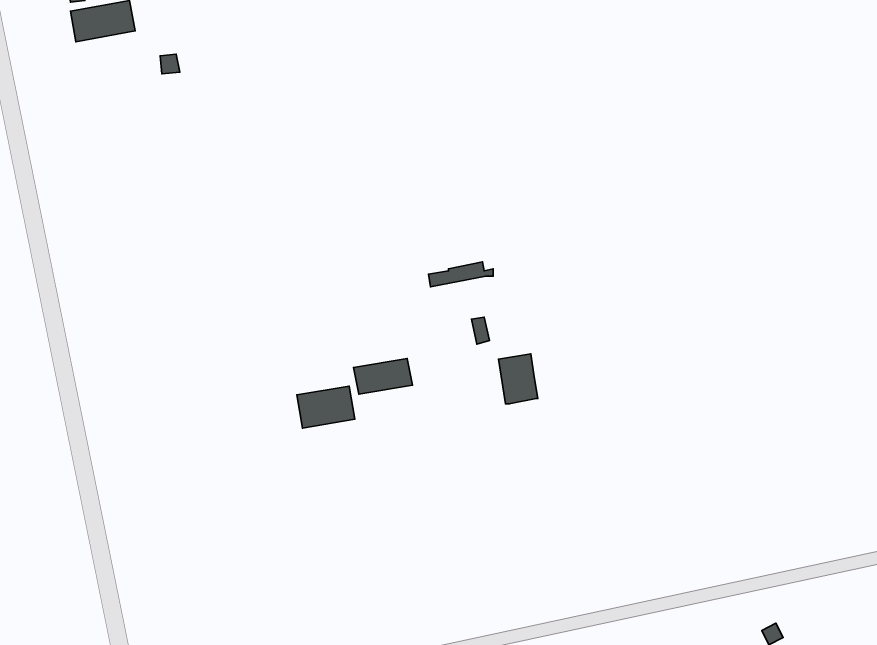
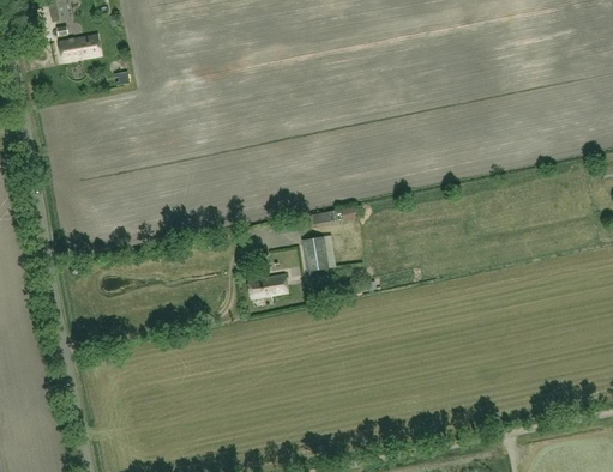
building: [499,354,538,404] -> [301,236,327,270]
building: [297,386,355,428] -> none

